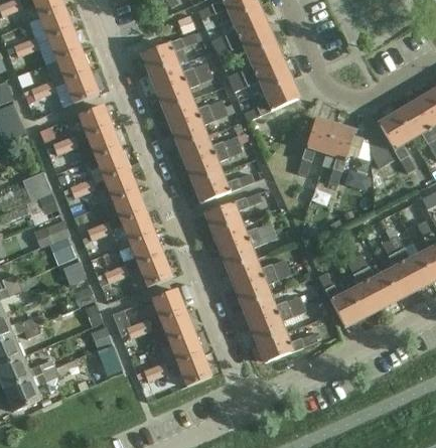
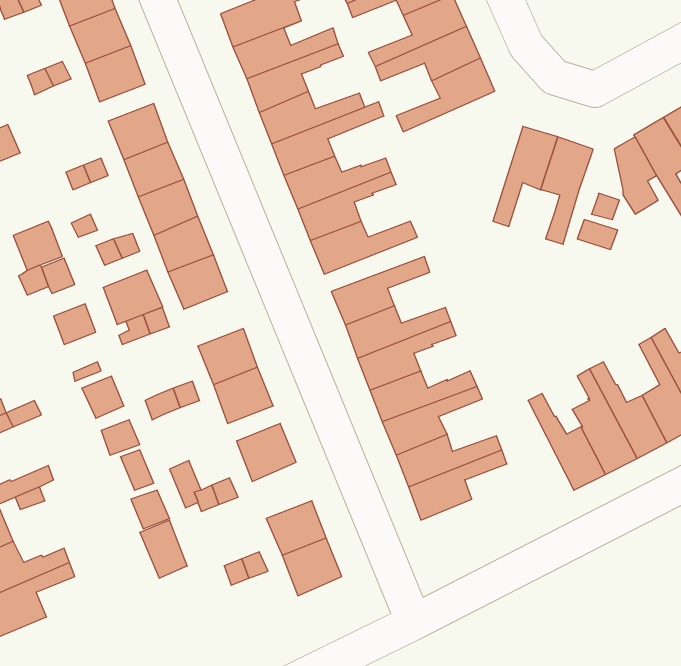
building: [120,212,154,244] -> [103,270,163,325]
building: [159,310,193,342] -> none
building: [256,331,317,362] -> none

